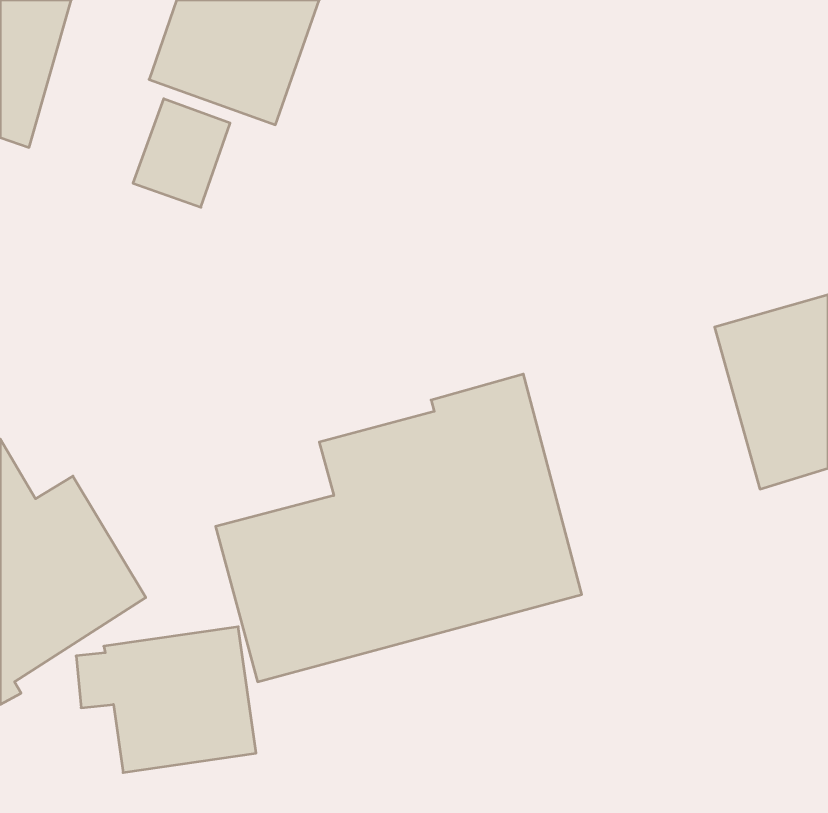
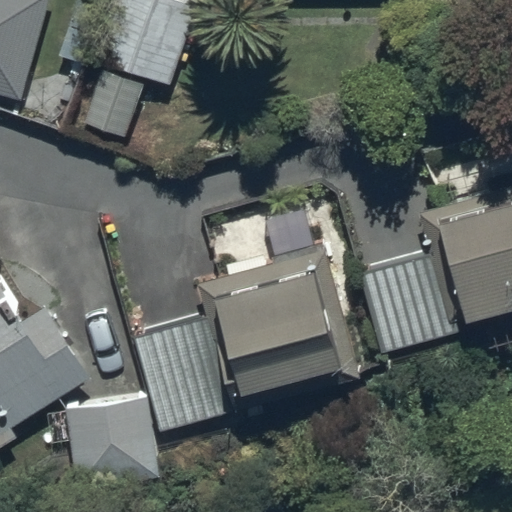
building: none -> [360,250,460,351]

